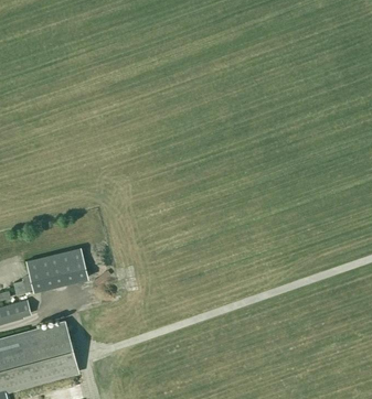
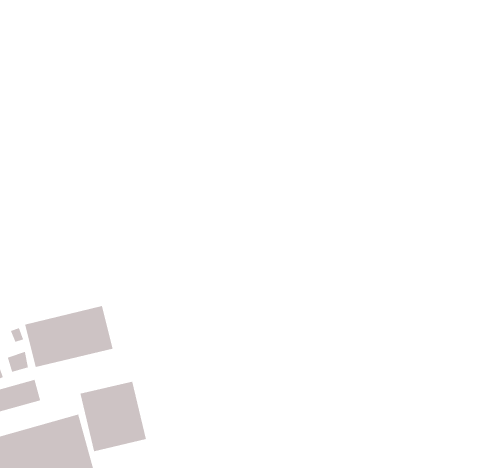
building: none -> [79,381,147,452]

